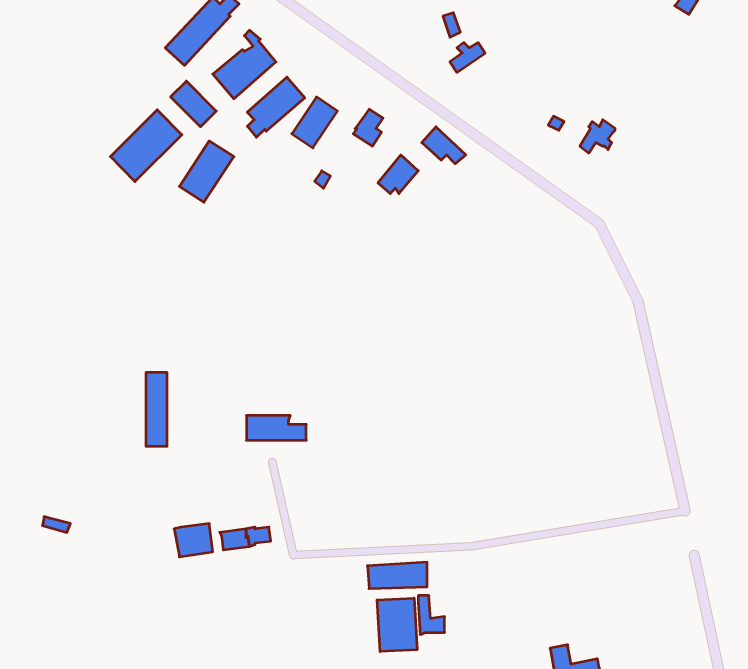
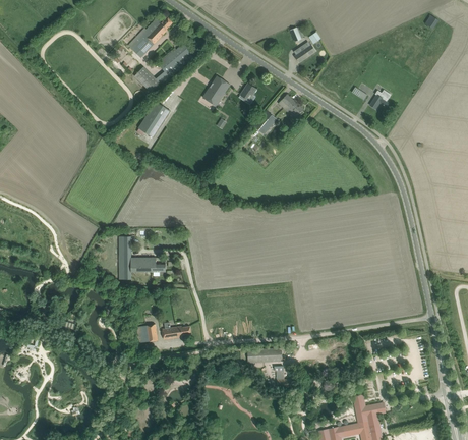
building: [247,77,305,137] -> none
building: [110,110,182,182] -> none
building: [246,416,306,440] -> [130,258,165,272]
building: [377,598,417,652] -> none

